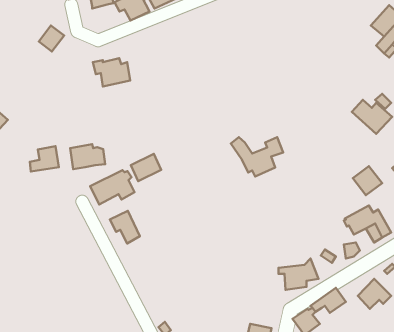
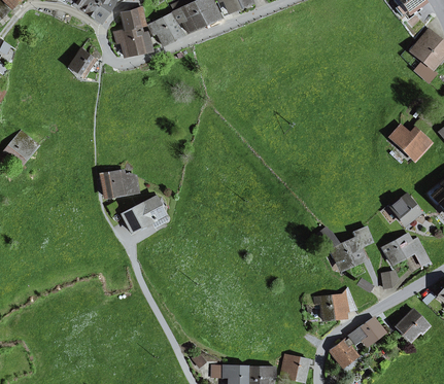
building: [93,58,130,86] -> [113,28,151,57]
building: [231,137,283,177] -> [317,228,371,268]
building: [30,146,59,172] -> none
building: [131,154,161,181] -> none
building: [110,211,140,244] -> none

